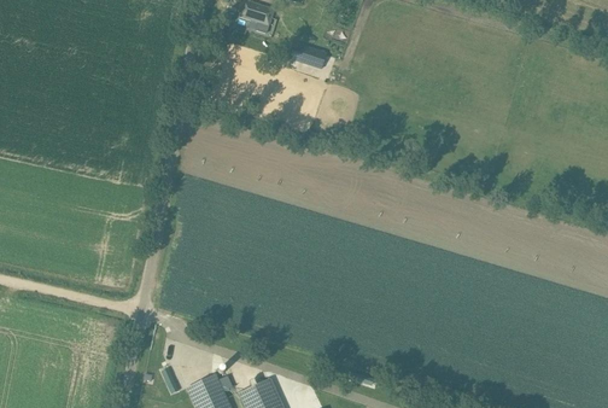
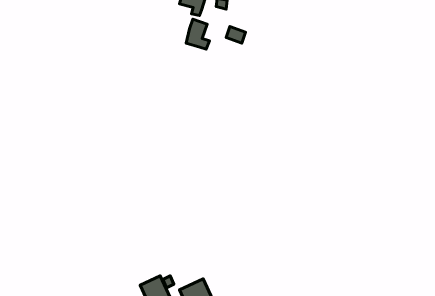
building: none -> [186,19,209,49]

